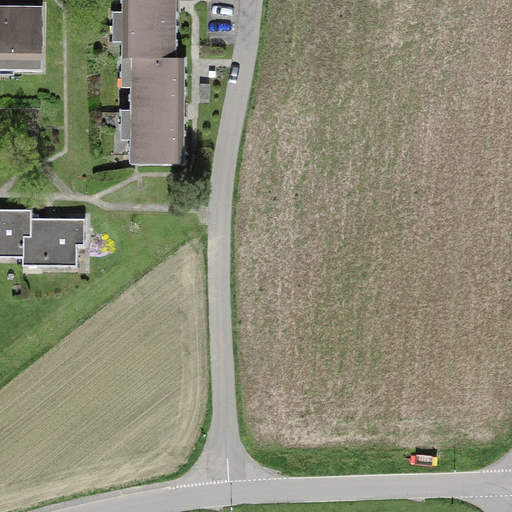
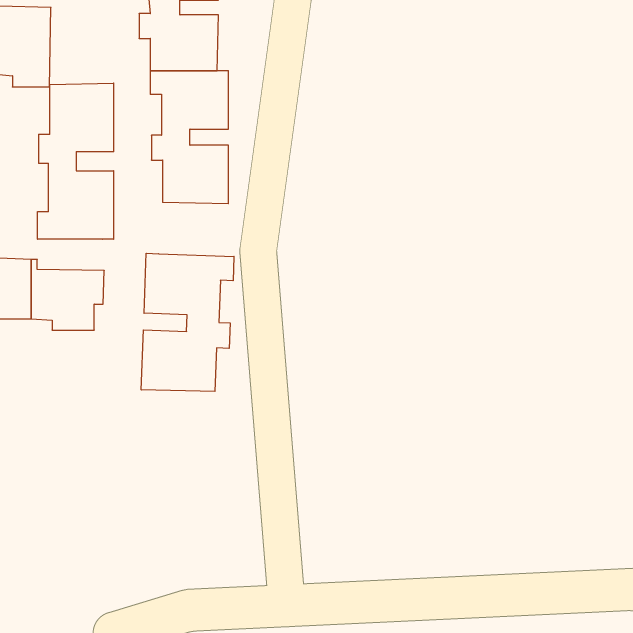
building: none -> [38,83,114,239]
building: none -> [141,253,234,391]

